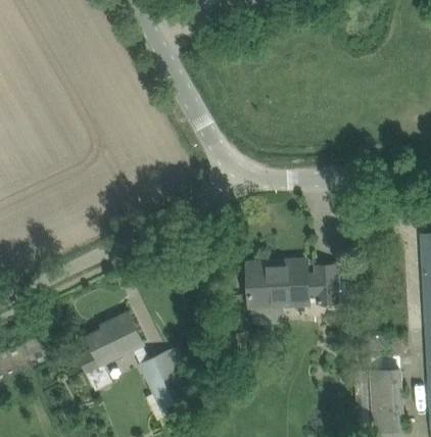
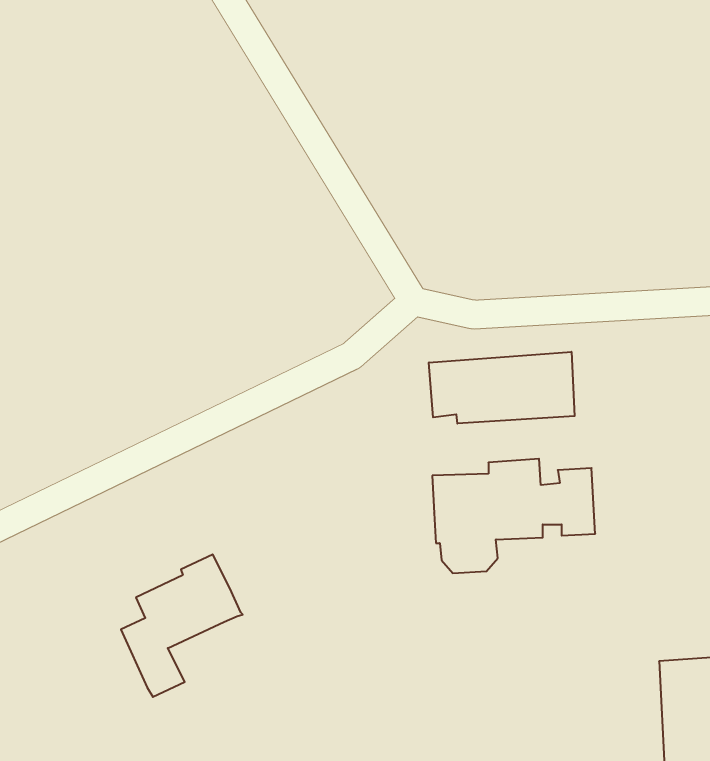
building: none -> [429,352,575,424]
building: [137,350,191,411] -> none

